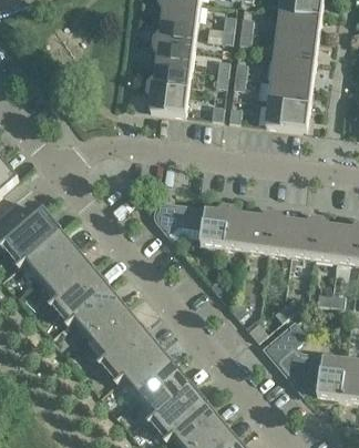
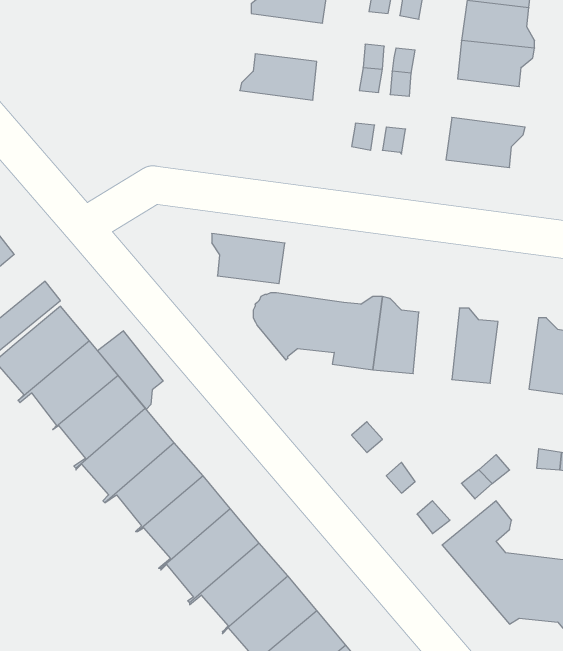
building: [151,42,193,70] -> none
building: [267,80,309,108] -> none
building: [145,86,187,115] -> [212,234,285,284]
building: [245,211,271,253] -> none
building: [289,216,317,258] -> none
building: none -> [97,331,163,409]

